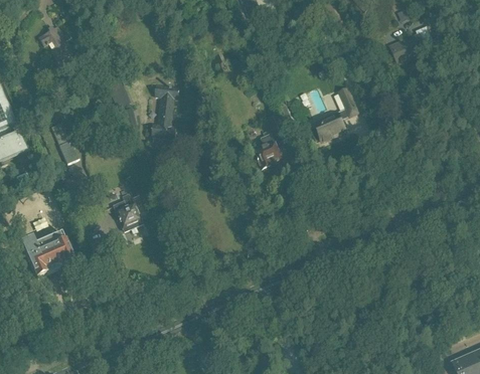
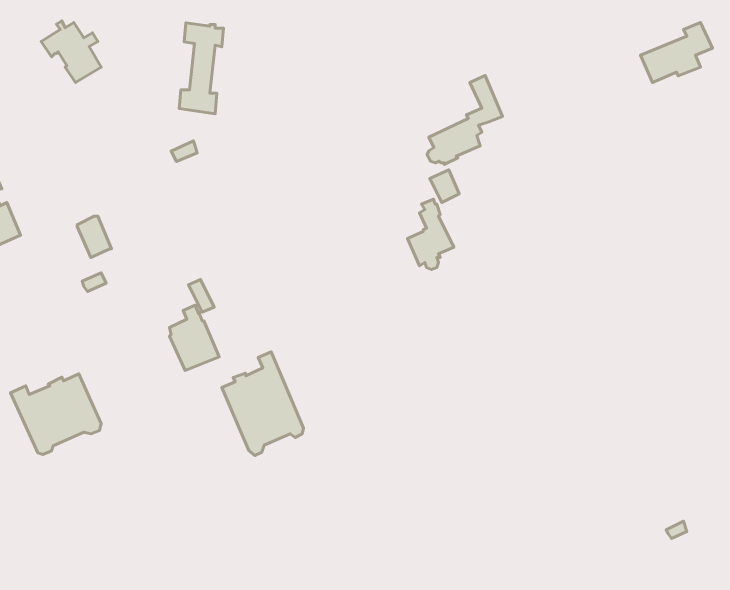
building: [152,84,178,138] -> [179,23,224,114]
building: [314,87,358,140] -> [427,76,502,165]
building: none -> [222,352,303,456]

